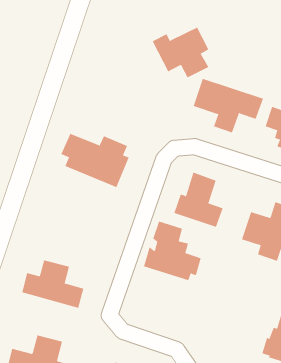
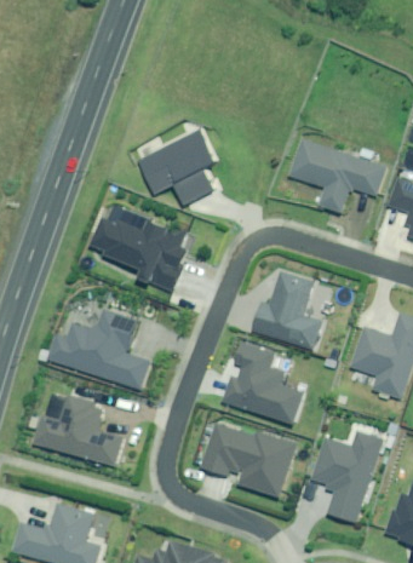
building: [152,27,209,78] -> [136,128,218,202]
building: none -> [50,309,154,389]
building: none -> [200,421,293,495]
building: none -> [314,431,385,522]

